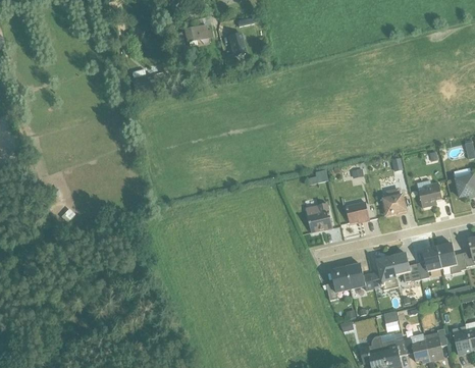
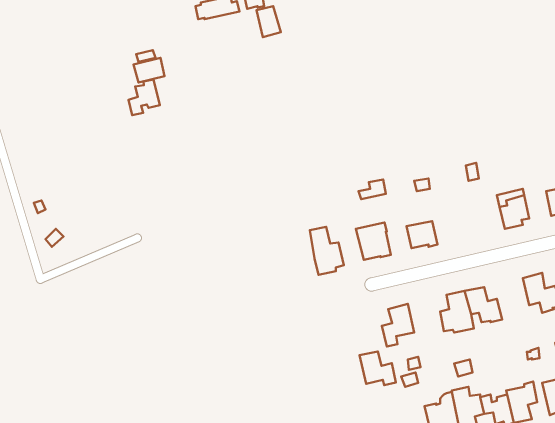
building: none -> [128,79,160,115]
building: [381,187,406,214] -> none
building: none -> [310,227,344,275]
building: [416,246,441,278] -> none
building: [346,263,374,290] -> [360,351,396,385]

